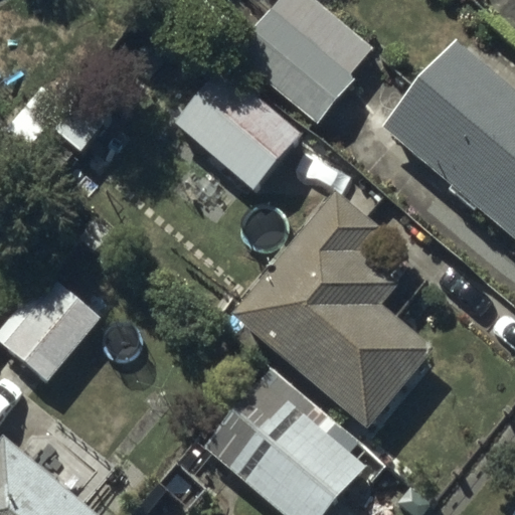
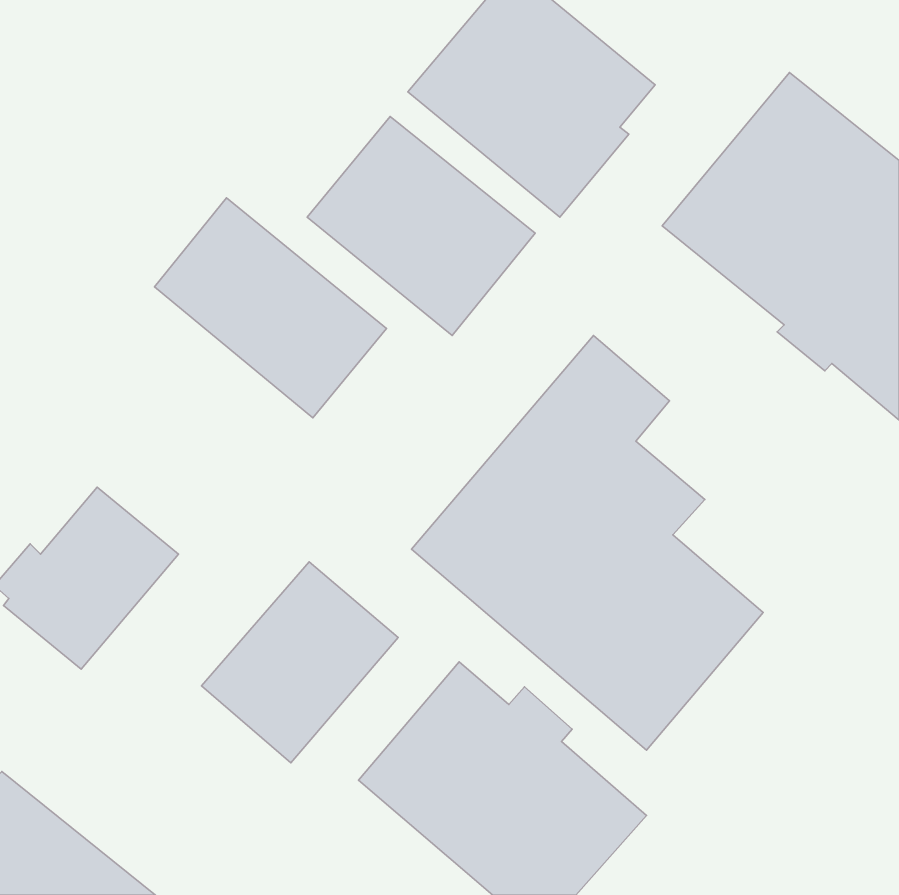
building: none -> [154,198,387,418]
building: none -> [201,562,398,763]

